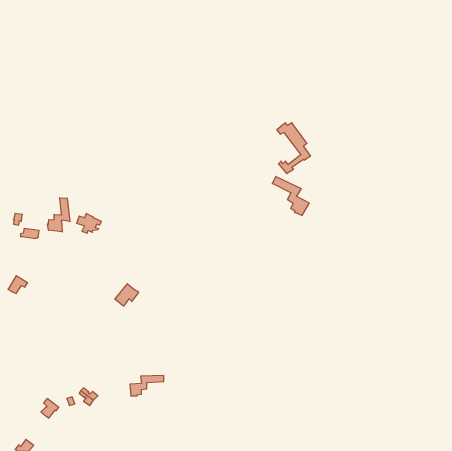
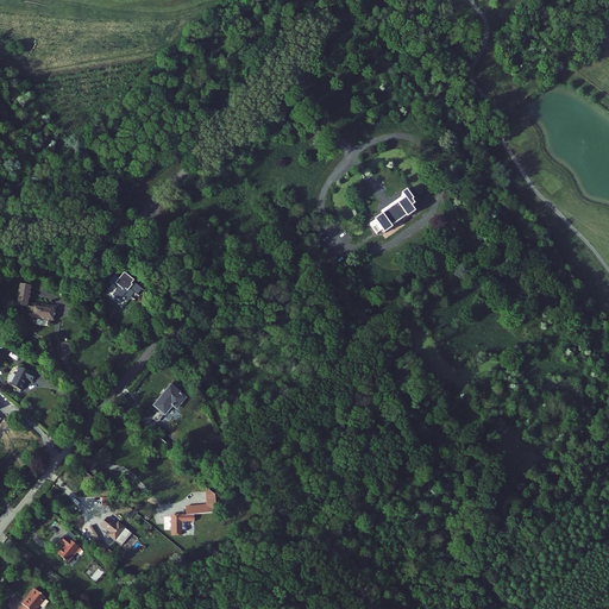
building: [272,176,309,216] -> none
building: [47,198,70,232] -> none

